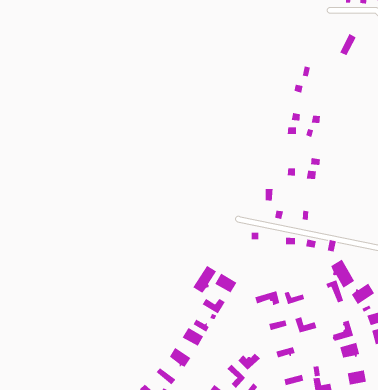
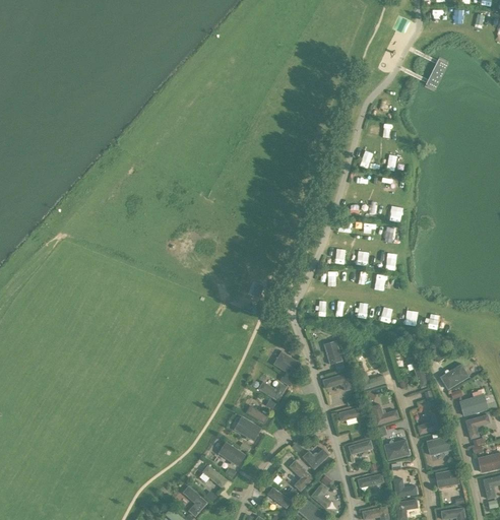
building: [330,258,355,289] -> none
building: none -> [322,340,348,371]
building: [192,265,217,294] -> none
building: none -> [382,439,410,460]

